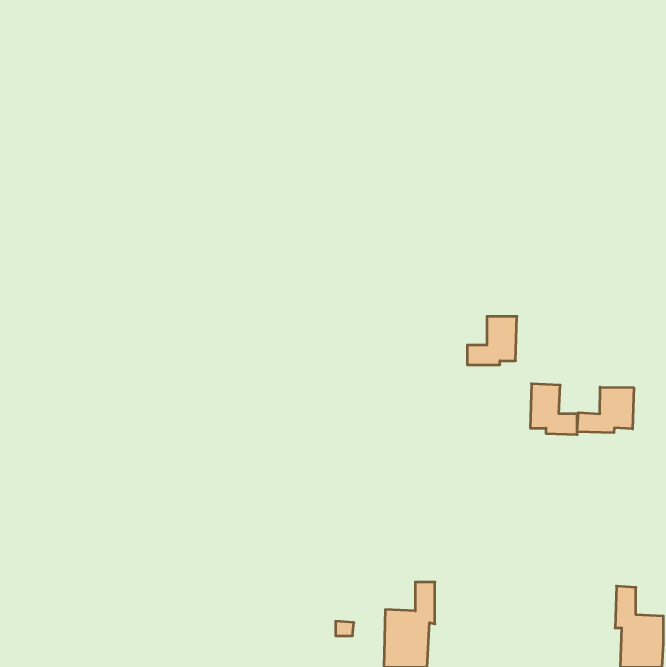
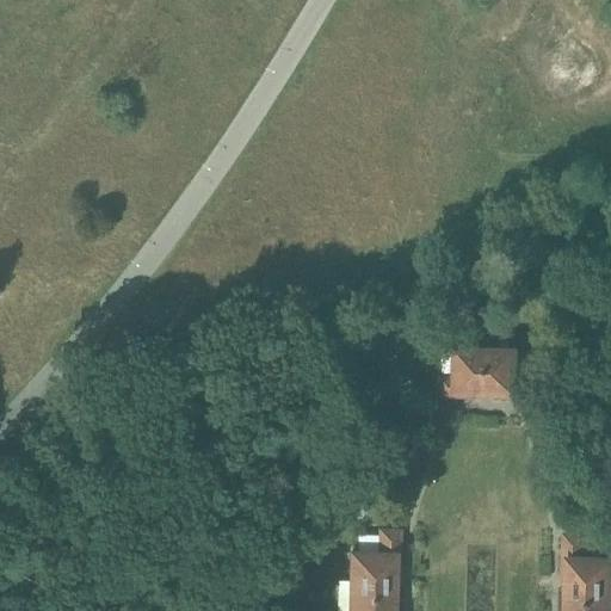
building: [467,316,517,365] -> [440,351,486,395]
building: [577,387,634,433] -> none

